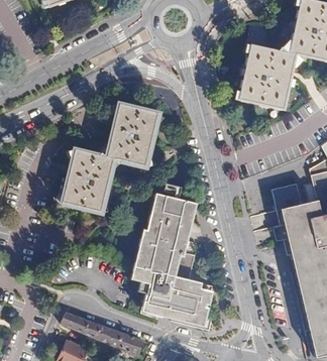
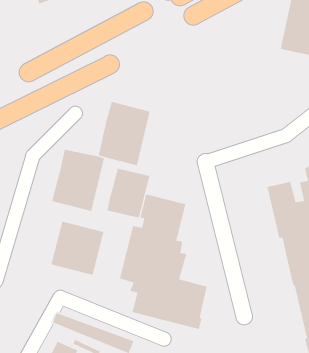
building: [236,43,295,109] -> none
building: none -> [107,168,150,218]
building: none -> [51,221,104,276]

